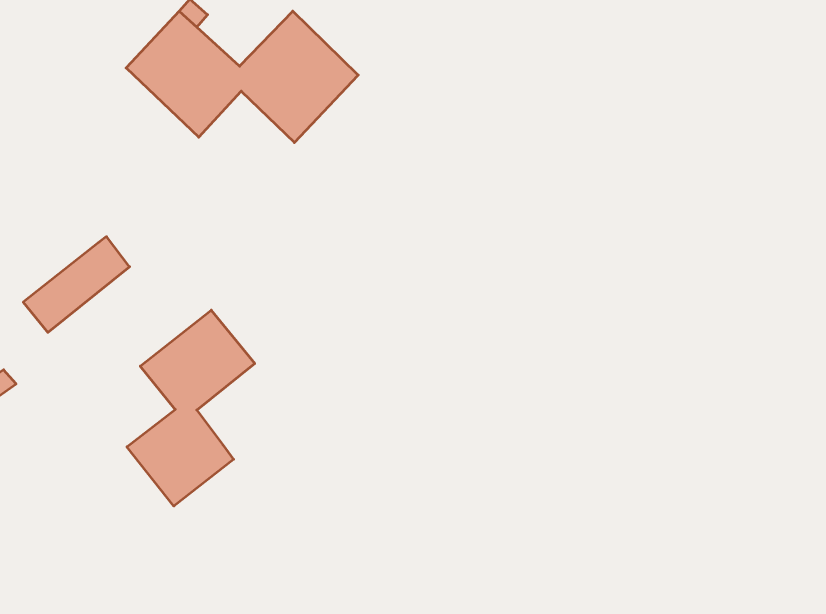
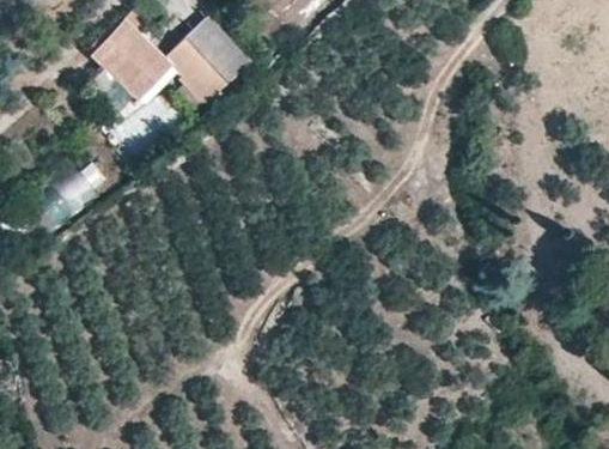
building: [127,310,255,506] -> none

